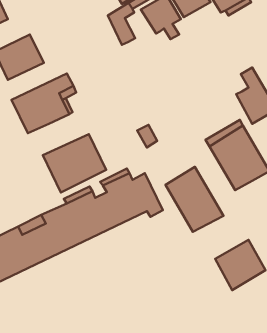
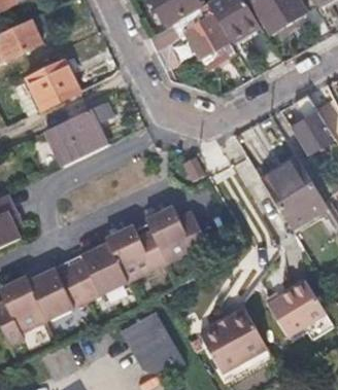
building: [43,134,106,192] -> none
building: [166,167,224,232] -> none
building: none -> [201,307,265,368]
building: none -> [122,310,185,368]

